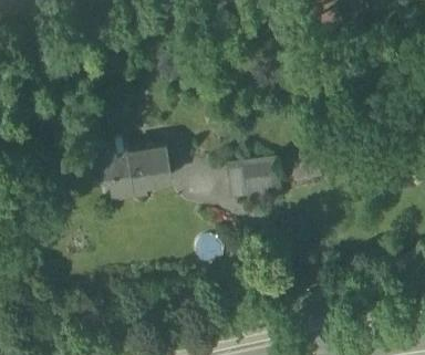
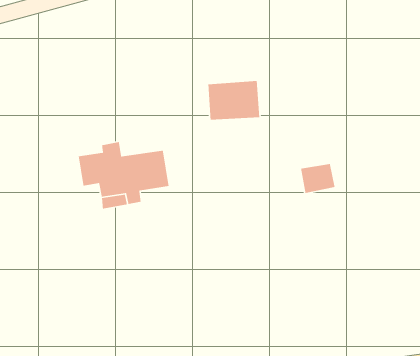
building: [232,158,280,195] -> [208,80,260,120]

